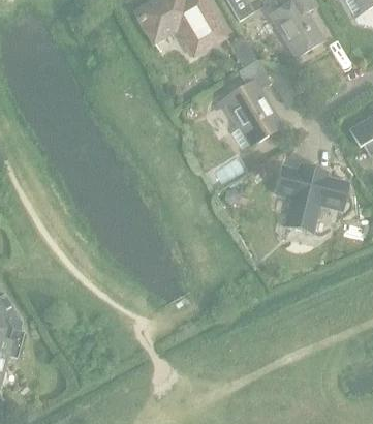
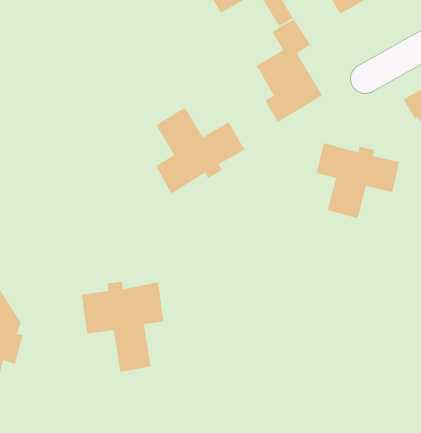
building: none -> [155,107,246,195]
building: none -> [81,281,164,373]

